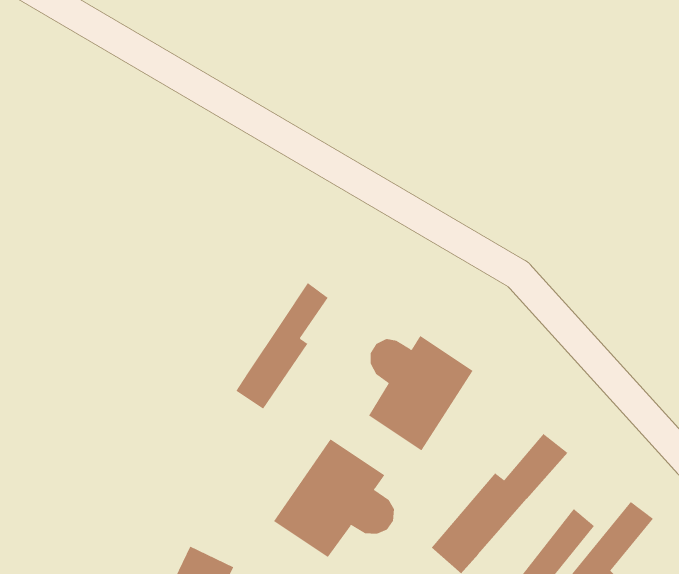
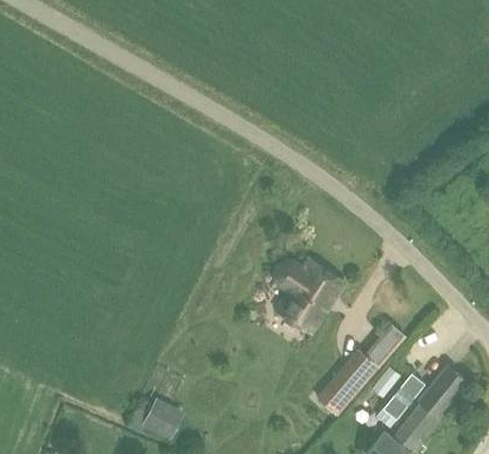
building: [235,282,329,409] -> none
building: [273,438,395,558] -> none

